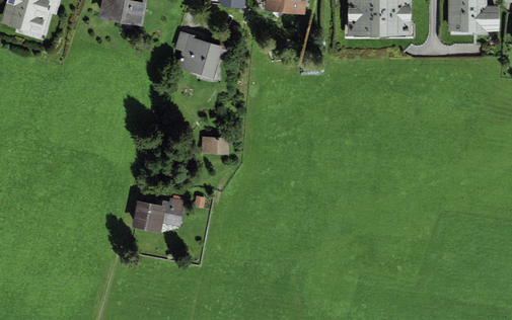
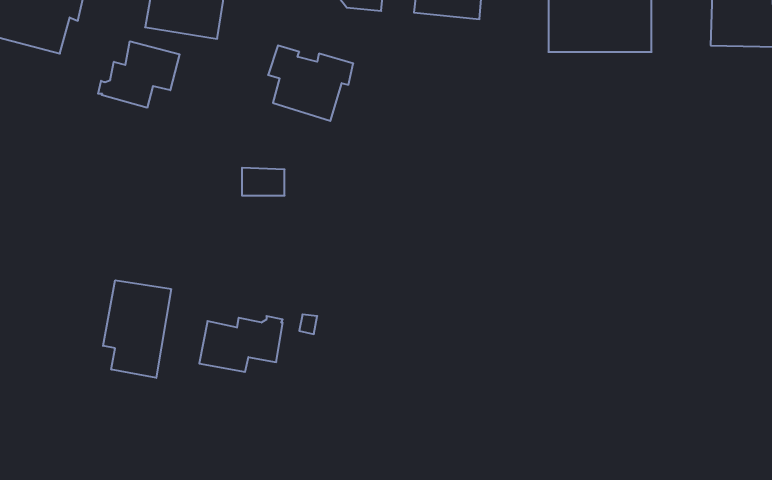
building: none -> [98,41,180,108]
building: [202,137,228,154] -> [242,168,285,196]
building: none -> [103,280,171,378]

